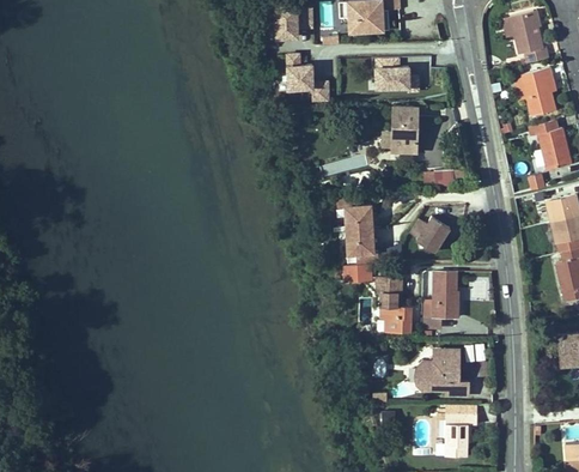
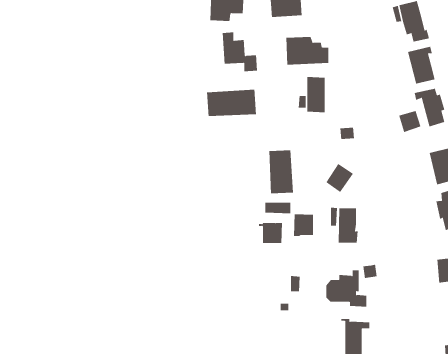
building: none -> [207,89,256,117]
building: none -> [399,110,421,133]
building: [380,307,412,333] -> [258,223,283,244]

